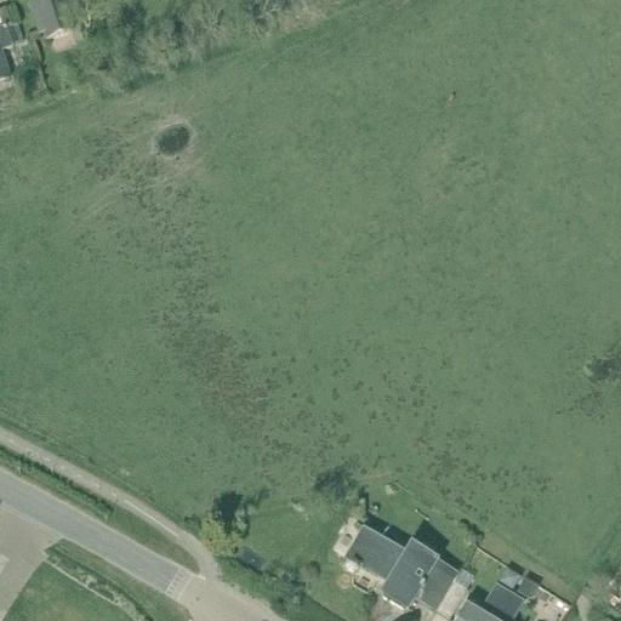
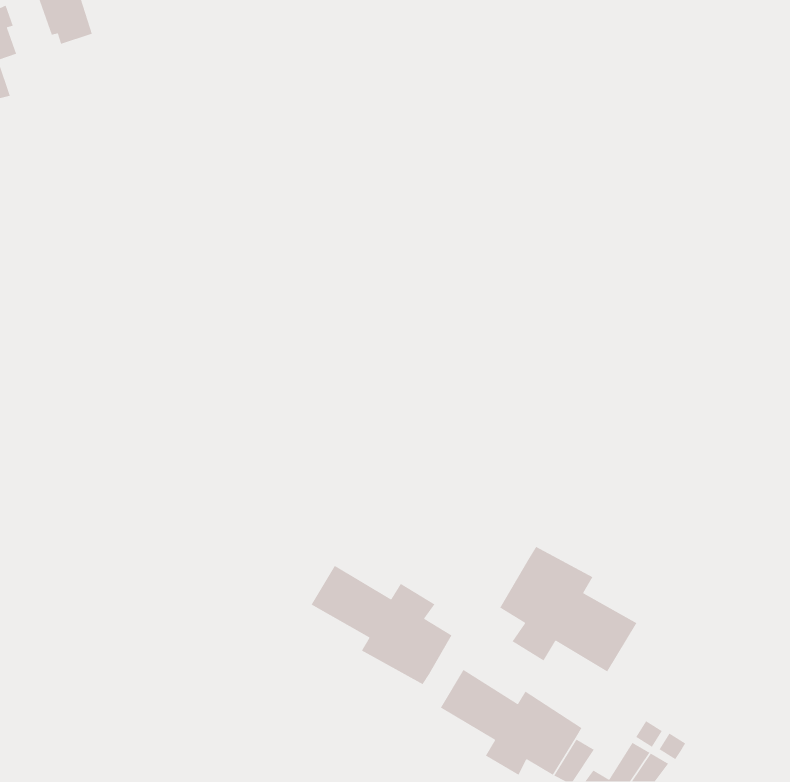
building: none -> [499,546,637,673]
building: none -> [311,565,452,685]

